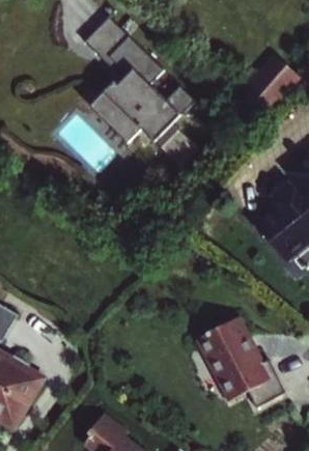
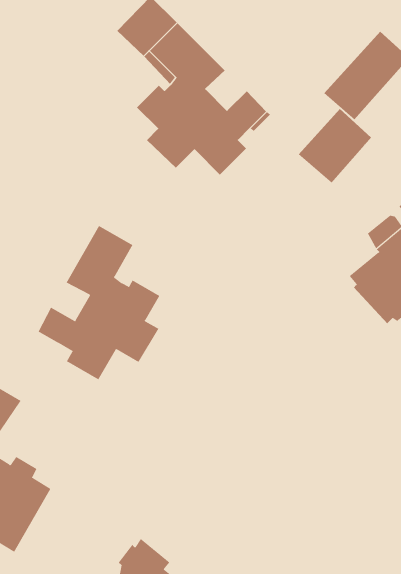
building: none -> [298,108,372,184]
building: none -> [38,225,160,380]
building: [194,318,284,410] -> none

